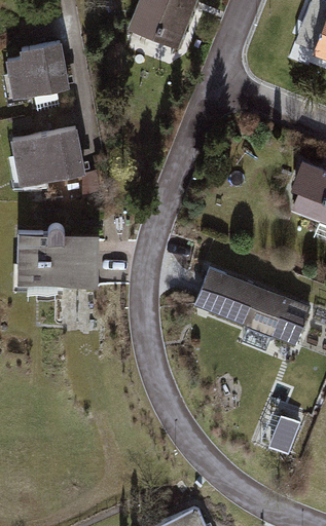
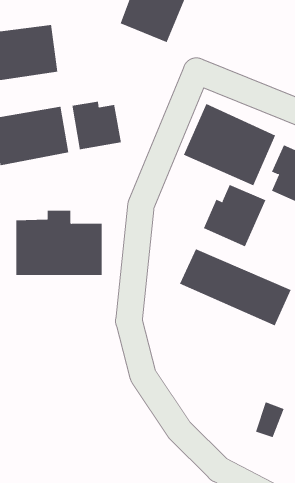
building: none -> [72,101,121,150]
building: none -> [183,103,276,186]
building: none -> [203,184,266,247]

